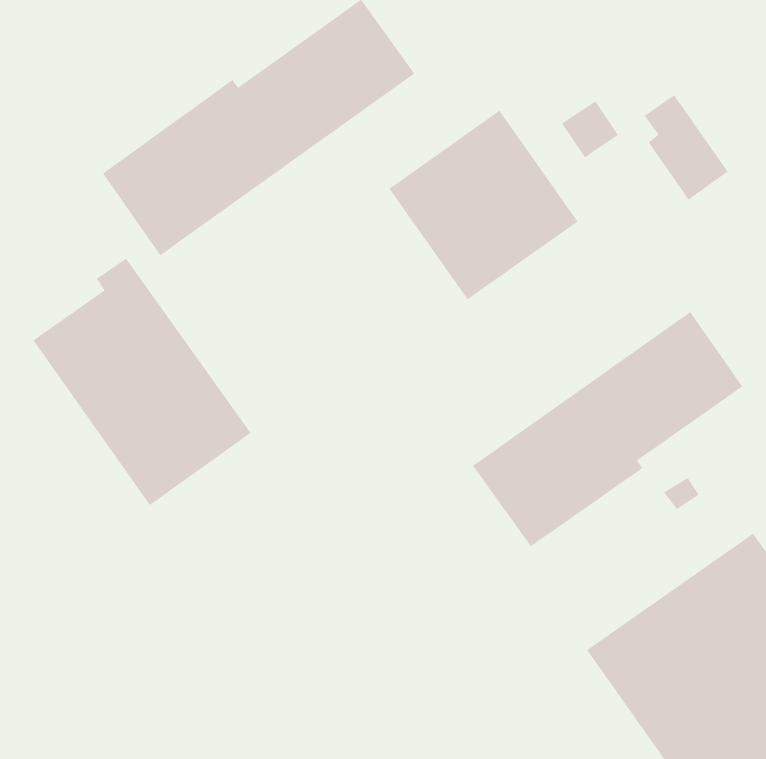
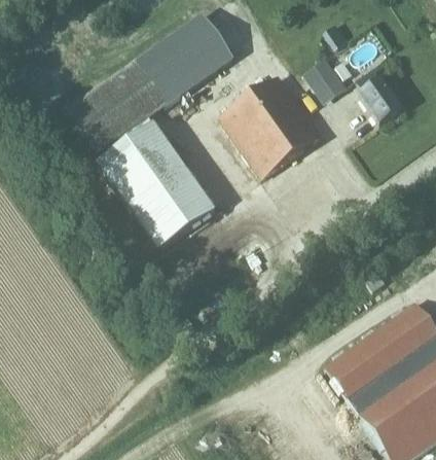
building: [32,258,251,506] -> [98,116,215,249]
building: [472,311,743,547] -> none

